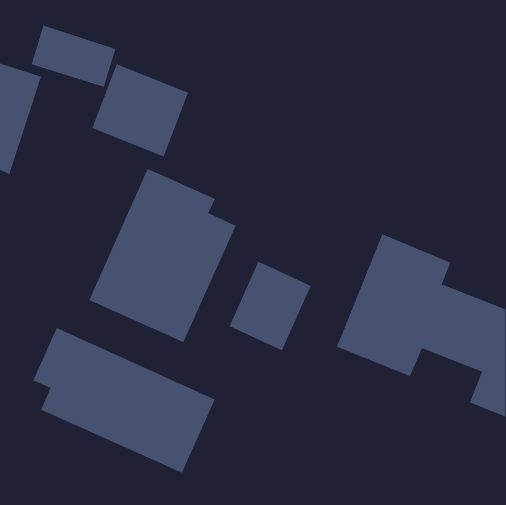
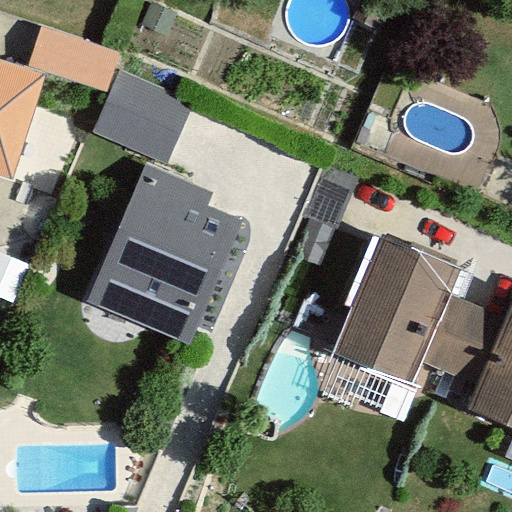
building: [229,261,312,351] -> none
building: [32,327,216,474] -> none

